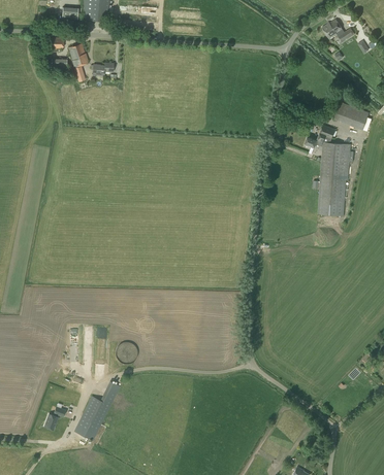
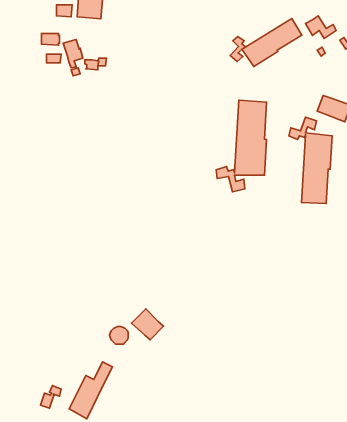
building: none -> [230,19,302,66]
building: none -> [216,100,267,192]
building: none -> [132,309,163,340]

